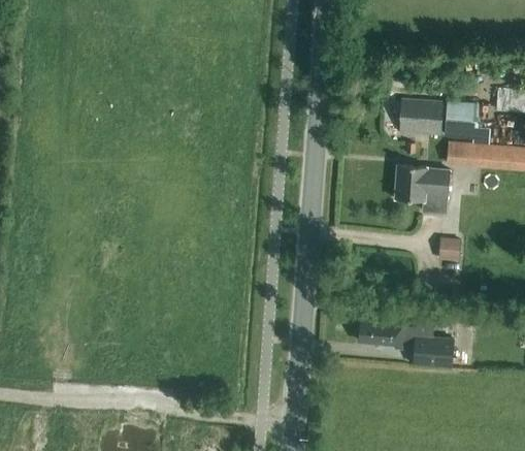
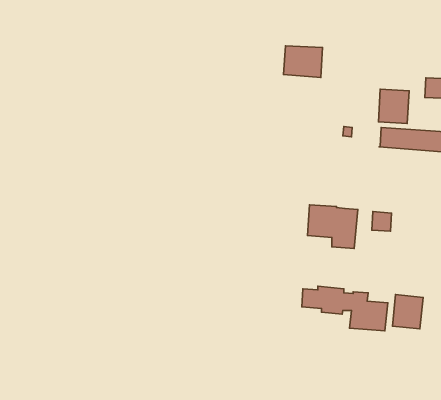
building: [399,100,442,135] -> [283,46,323,77]
building: [395,164,451,213] -> [308,205,358,249]
building: none -> [392,294,423,329]

